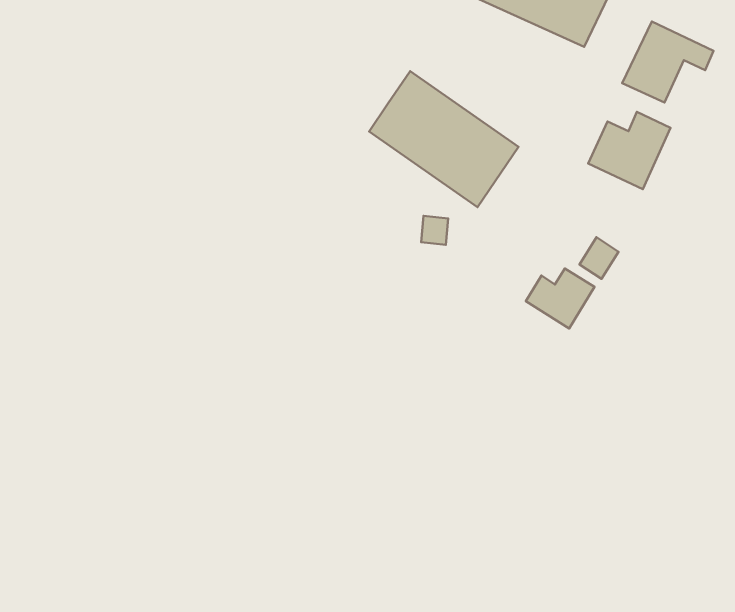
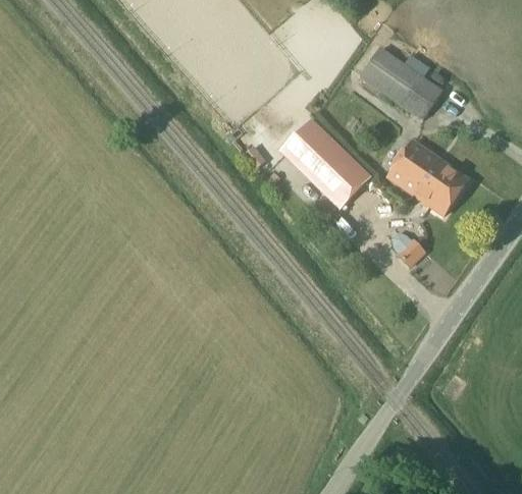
building: [622,21,713,103] -> [388,140,449,191]
building: [526,268,595,329] -> none

